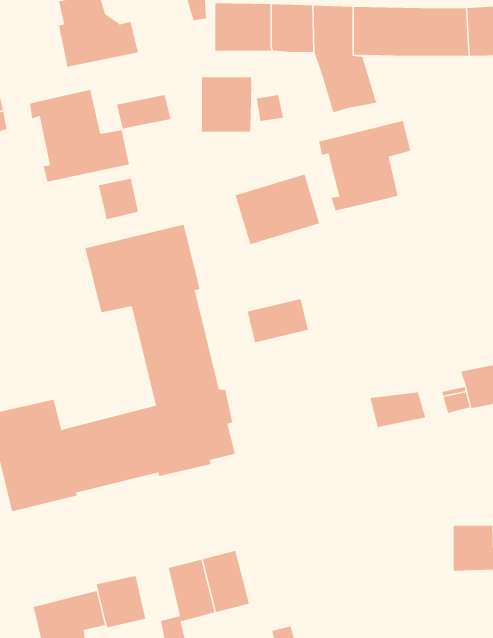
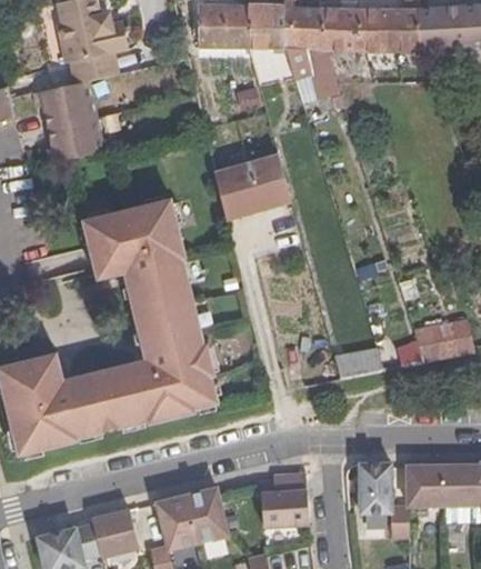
building: [201,76,252,132] -> none
building: [116,94,172,129] -> [71,51,120,82]
building: [318,120,411,211] -> none
building: [98,178,139,220] -> none
building: [247,298,309,343] -> none
building: none -> [359,462,407,535]
building: none -> [260,472,309,527]

